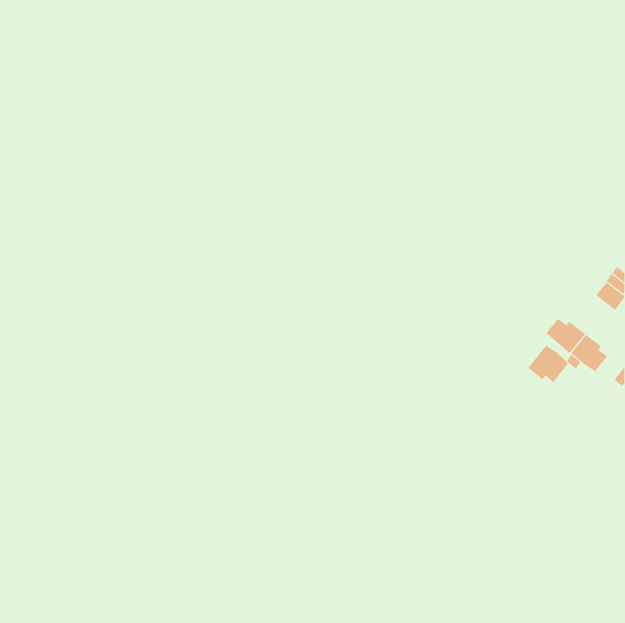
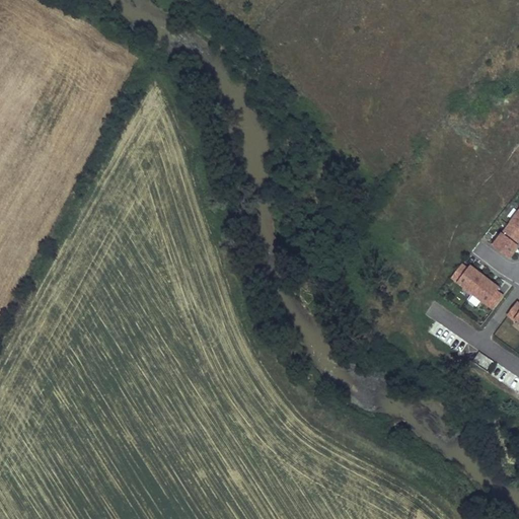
building: [528,344,569,383] -> none

